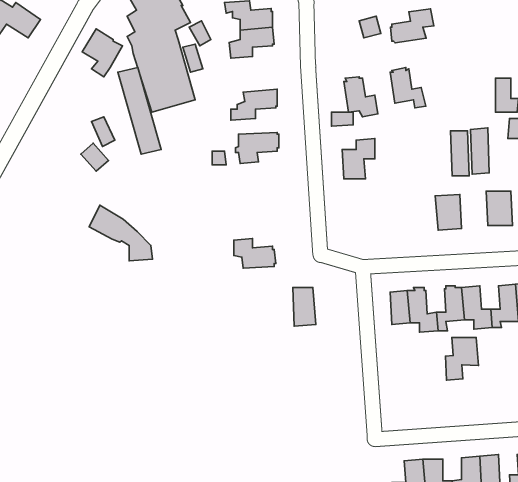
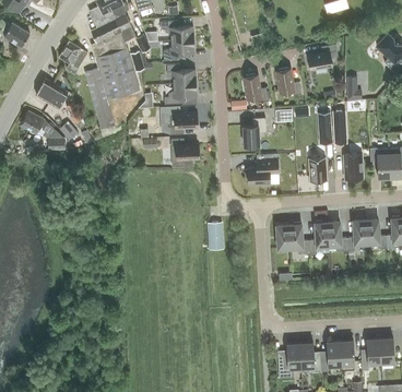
building: [390,9,434,43] -> [307,44,338,68]
building: none -> [166,63,197,84]
building: none -> [36,78,68,107]
building: none -> [245,158,279,183]
building: [89,205,152,261] -> [20,109,64,149]
building: [234,239,276,268] -> [170,138,200,158]
building: [446,337,478,380] -> none

